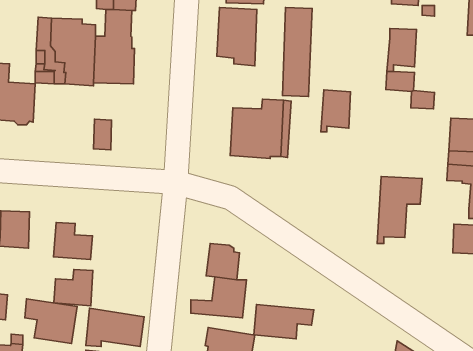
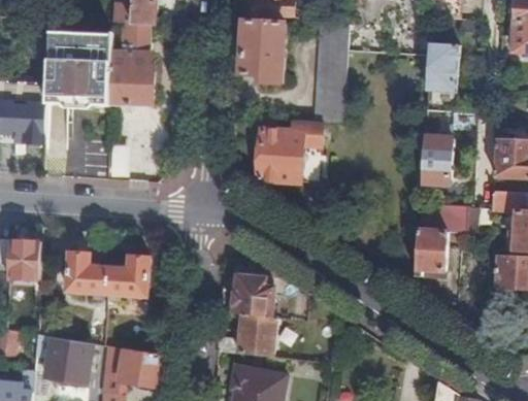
building: [321,90,351,132] -> [422,136,454,181]
building: [54,269,93,306] -> [107,257,150,296]
building: [254,304,314,339] -> none

